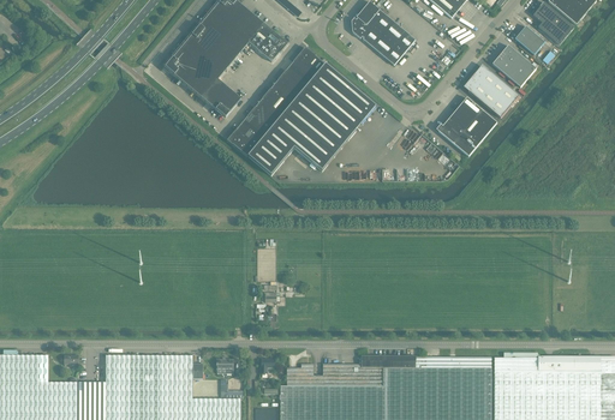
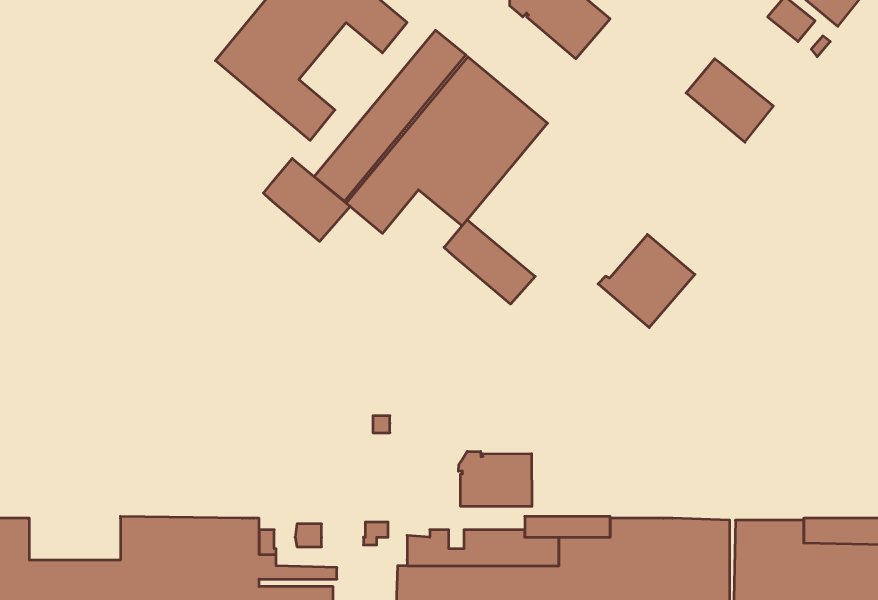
building: [491,46,535,88] -> none
building: [435,98,496,157] -> [598,234,695,328]
building: none -> [263,158,350,241]
building: none -> [444,220,535,304]
building: none -> [458,451,532,506]

